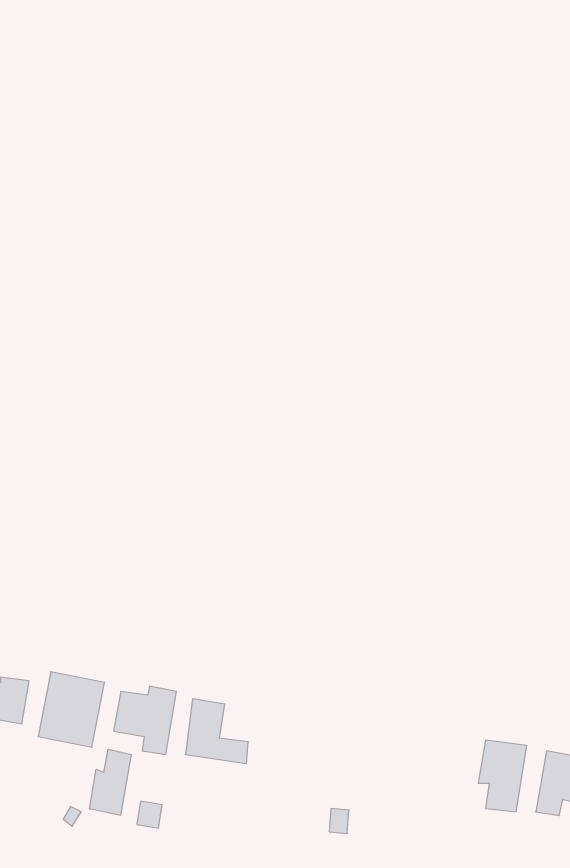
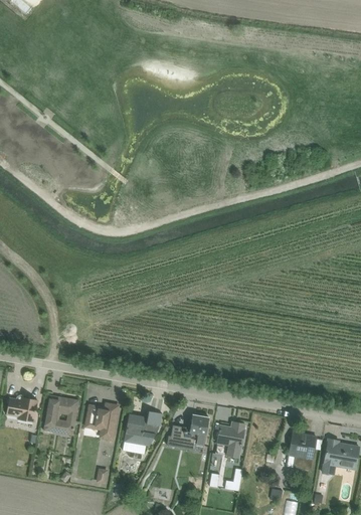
building: none -> [169,414,209,452]
building: none -> [216,421,245,458]
building: [90,749,131,815] -> none

